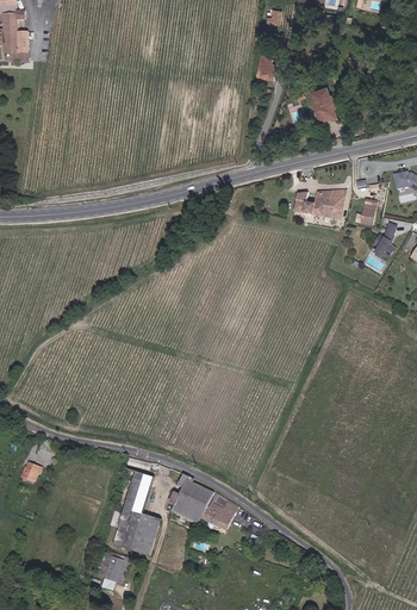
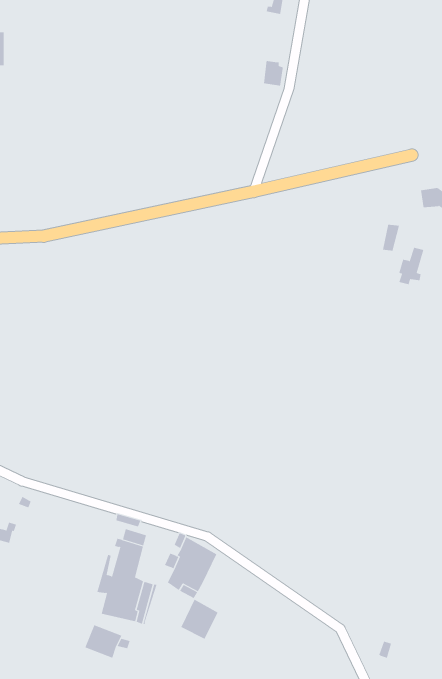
building: [310,83,338,123] -> none
building: [292,191,346,220] -> none
building: [203,492,236,528] -> [181,599,218,639]

